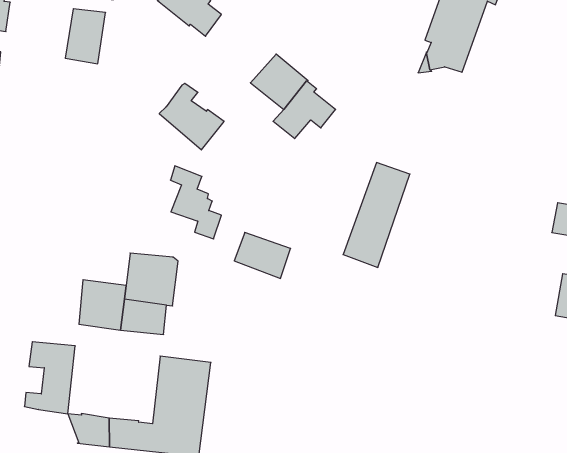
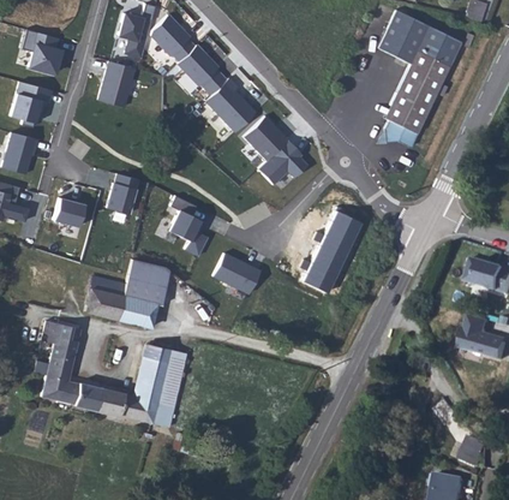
building: [159,83,224,150] -> [205,78,256,132]
building: none -> [107,173,138,214]
building: none -> [53,197,84,227]
building: none -> [41,375,74,405]

